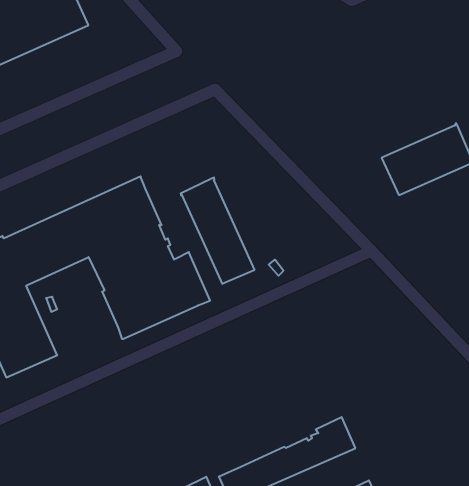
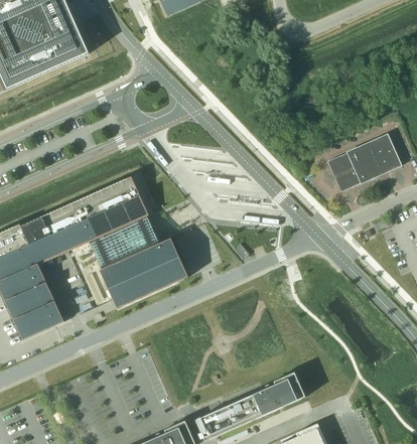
building: [181,177,254,284] -> none

